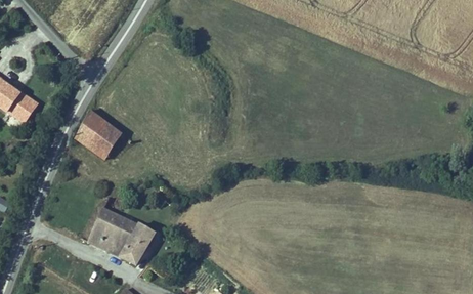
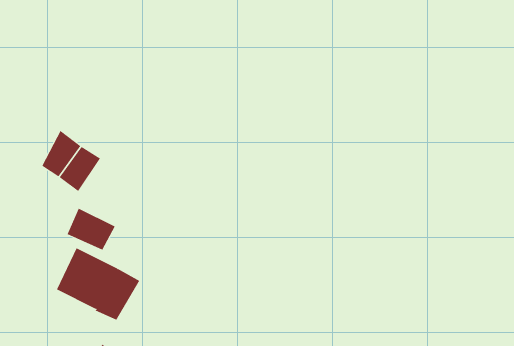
building: none -> [67,208,115,250]

